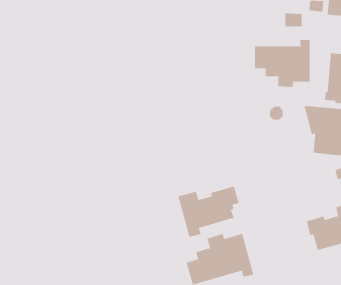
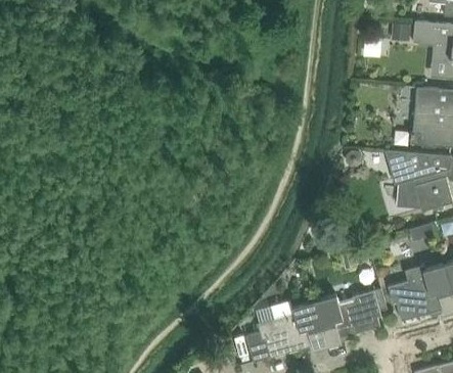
building: [255,39,310,88] -> none
building: [177,186,240,238] -> [314,288,388,349]

